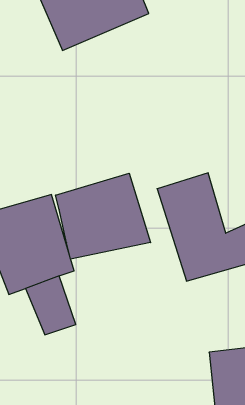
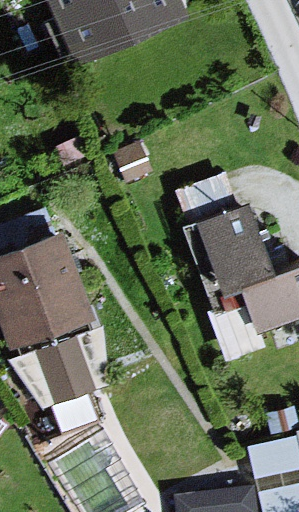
building: [56,173,151,259] -> none

